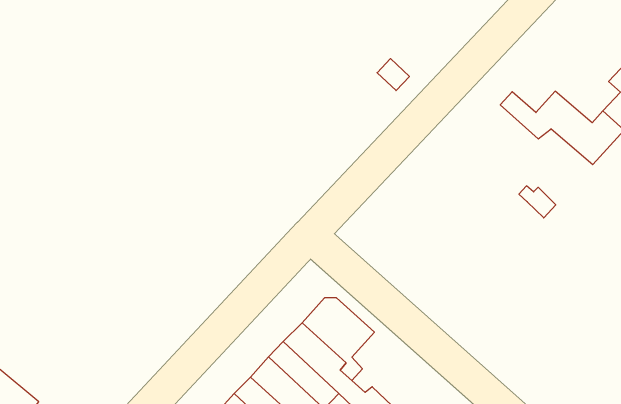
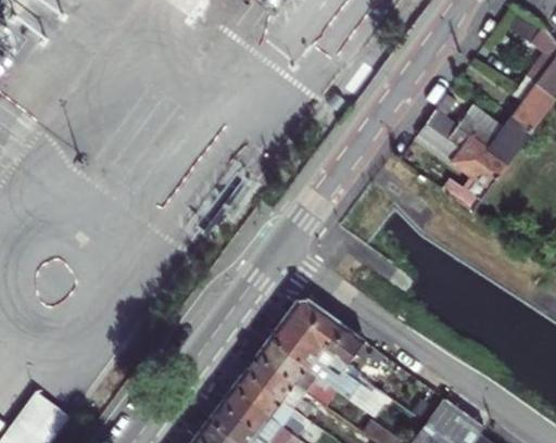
building: none -> [417,123,509,190]
building: none -> [327,324,367,375]

